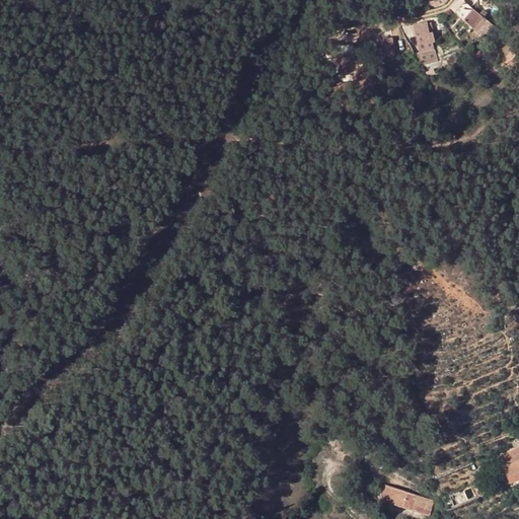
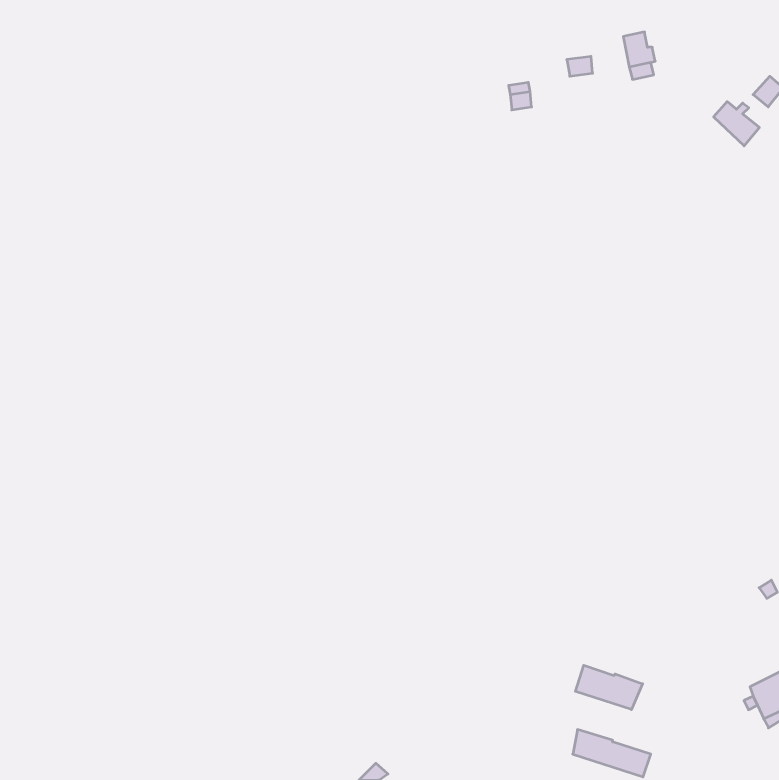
building: [464,9,495,39] -> [714,102,759,146]
building: none -> [575,665,643,710]

